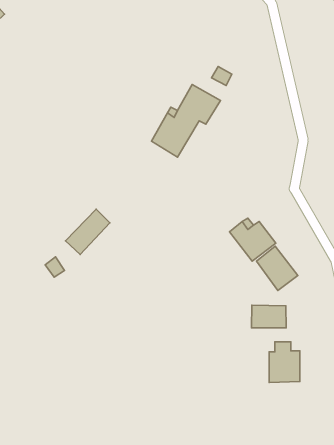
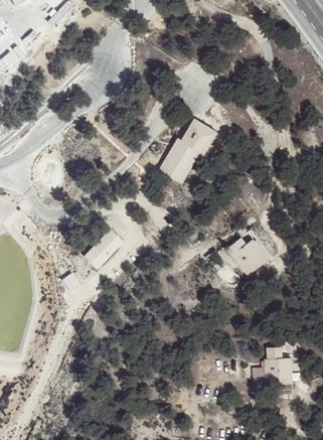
building: [257,246,298,290] -> none
building: [251,305,286,328] -> none

